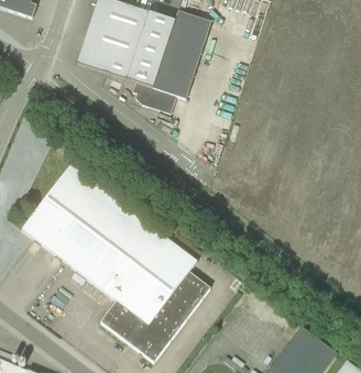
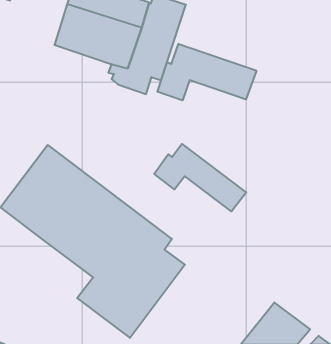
building: none -> [158,44,256,100]
building: none -> [154,144,246,211]

